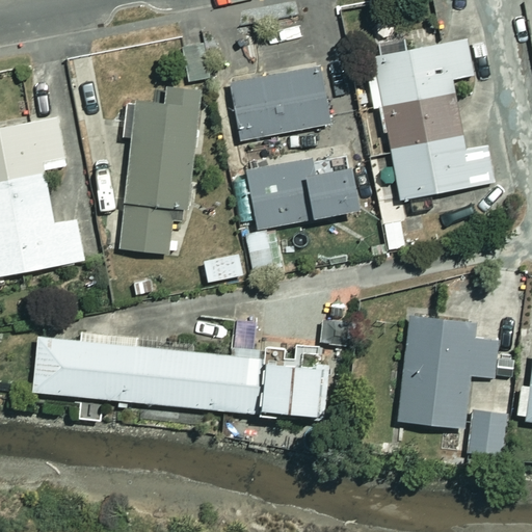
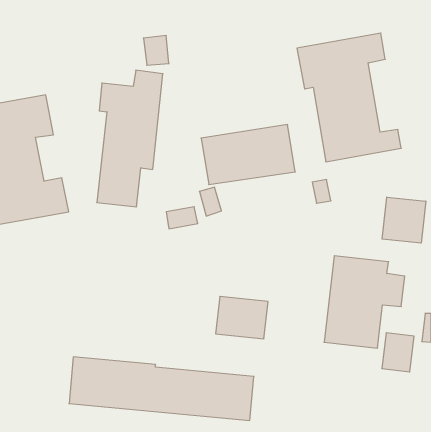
building: [230,65,332,139] -> none
building: none -> [382,197,426,243]
building: [33,335,260,413] -> [69,357,254,420]

